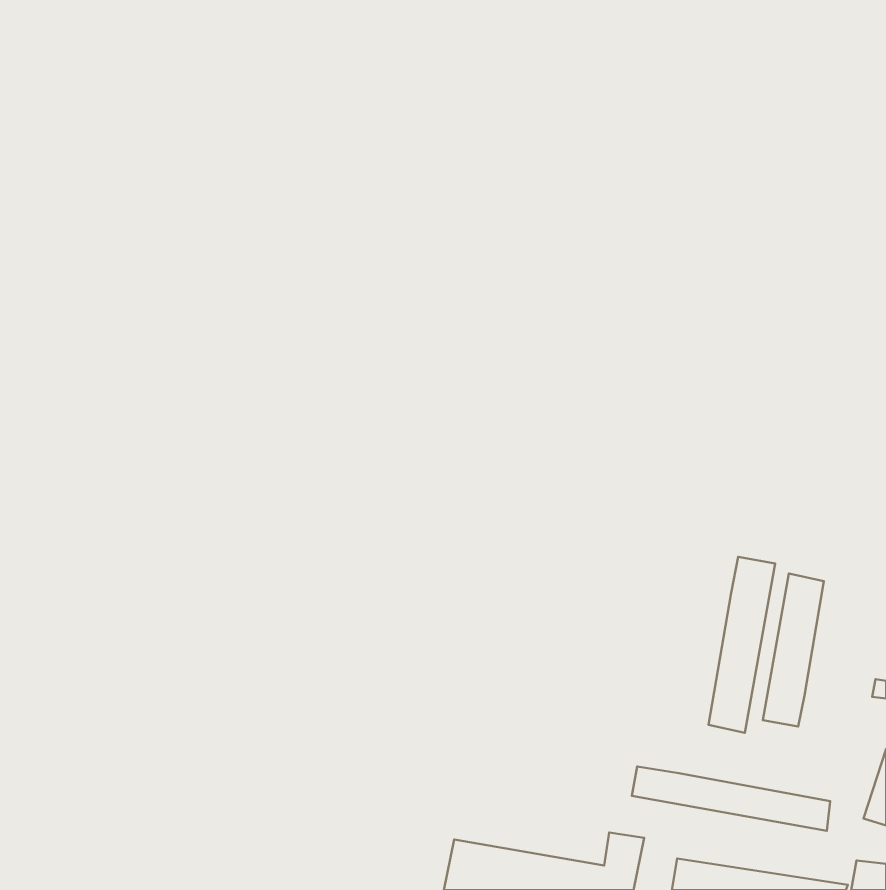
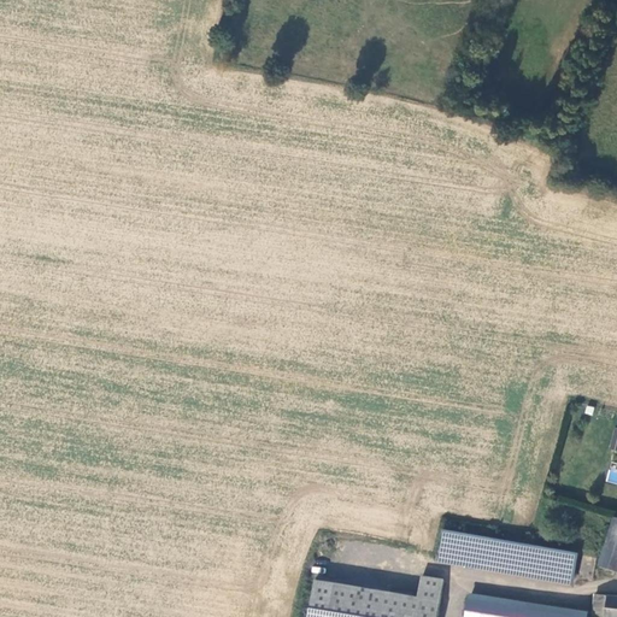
building: [709,557,775,733] -> none
building: [763,573,824,727] -> none

